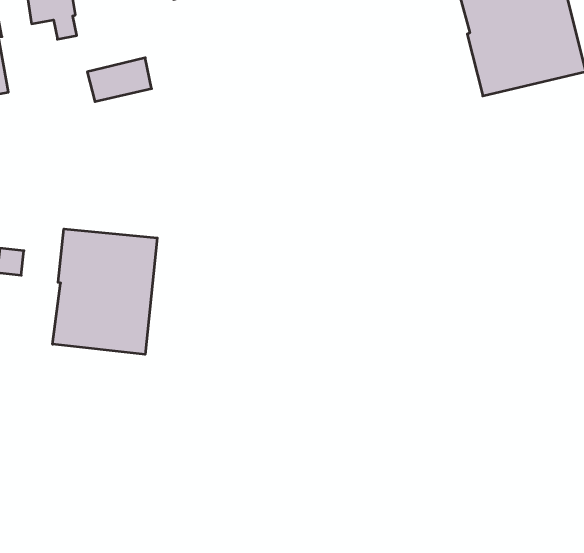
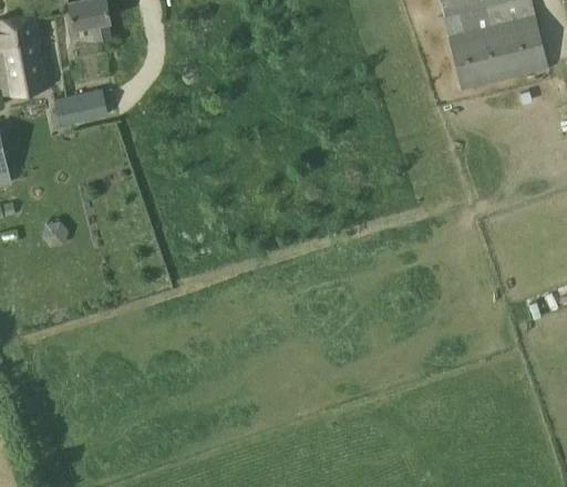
building: [87,58,152,102] -> [53,90,109,127]
building: [53,229,157,354] -> none

